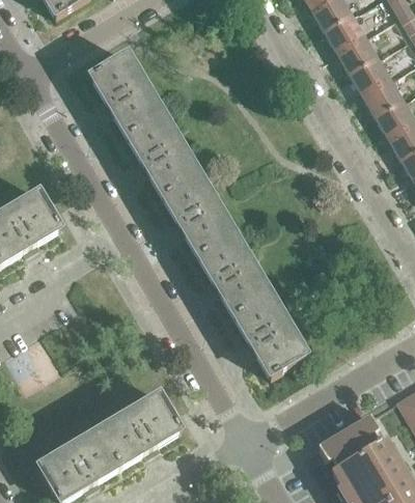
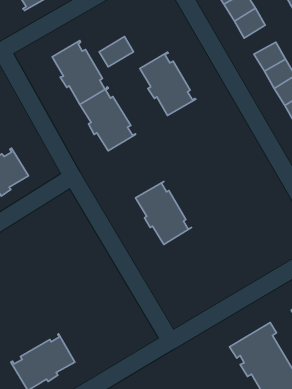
building: [336,34,377,72] -> none
building: none -> [99,37,133,67]
building: [162,174,233,255] -> [140,52,196,115]
building: [233,294,305,375] -> none
building: [99,393,181,466] -> none

